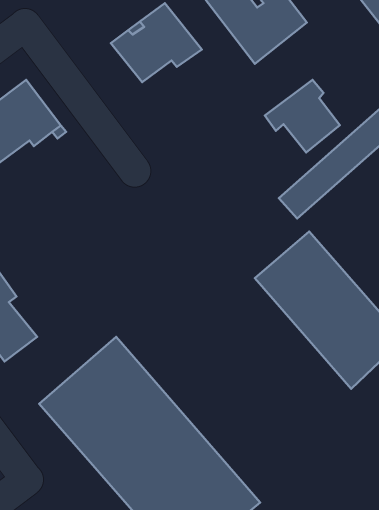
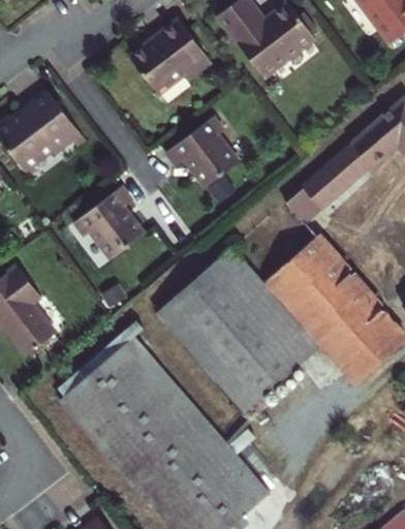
building: [265,80,340,152] -> [166,116,238,185]
building: none -> [73,185,144,257]
building: none -> [156,248,321,414]

